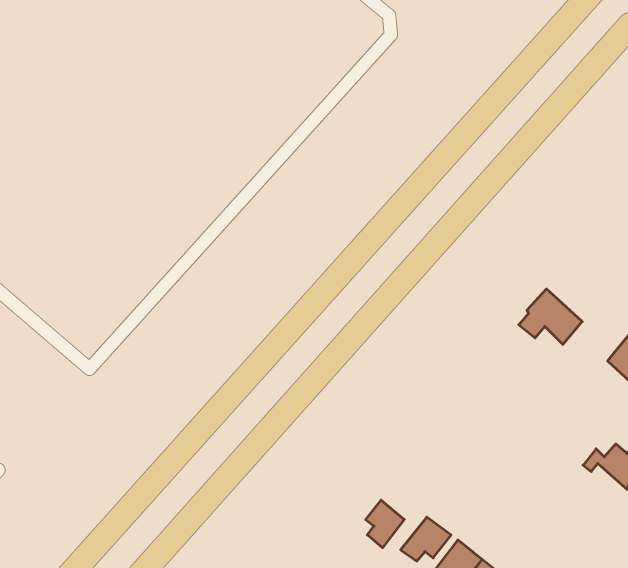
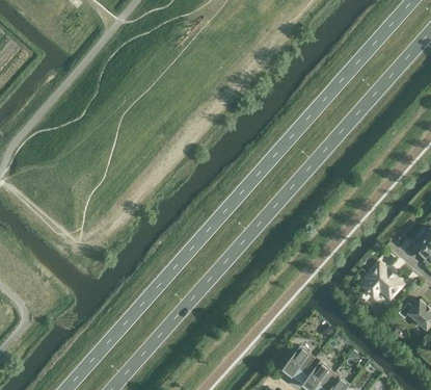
building: [519,289,582,344] -> [361,264,402,300]
building: [366,500,404,548] -> none

